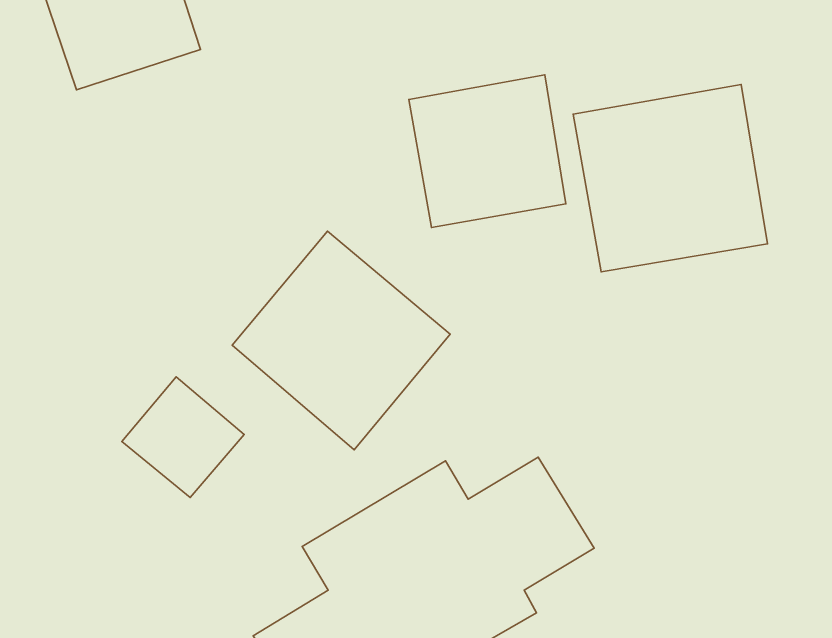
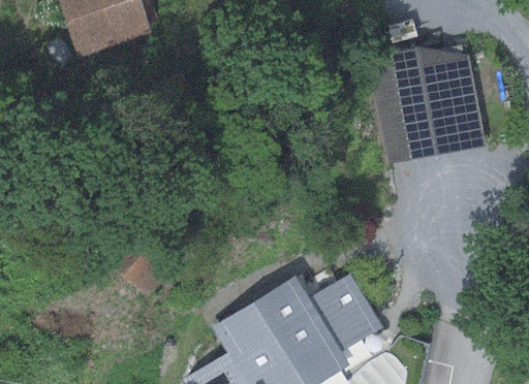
building: [409,75,566,228] -> none
building: [232,231,450,450] -> none

